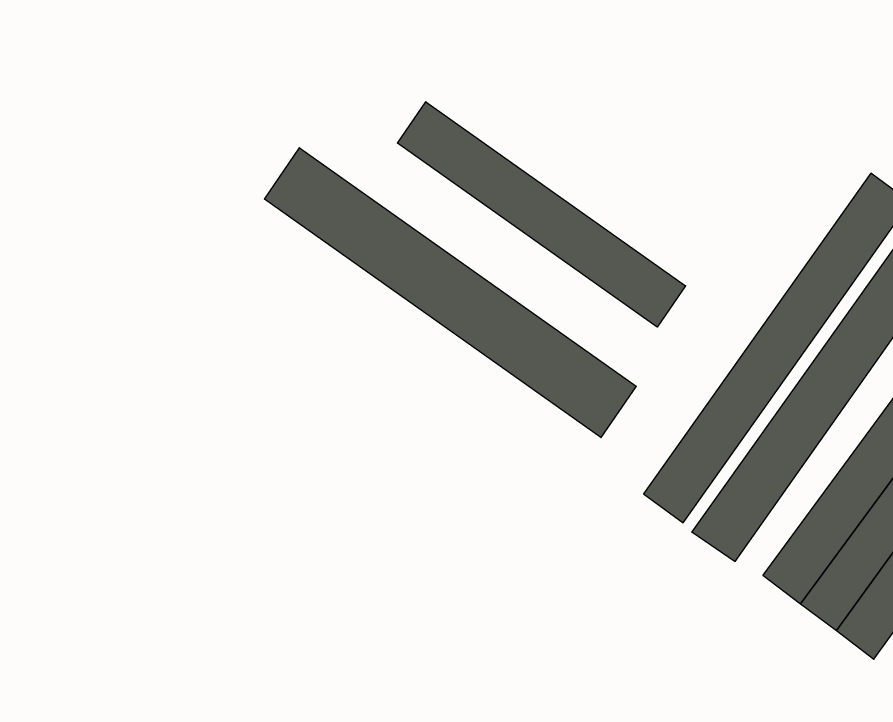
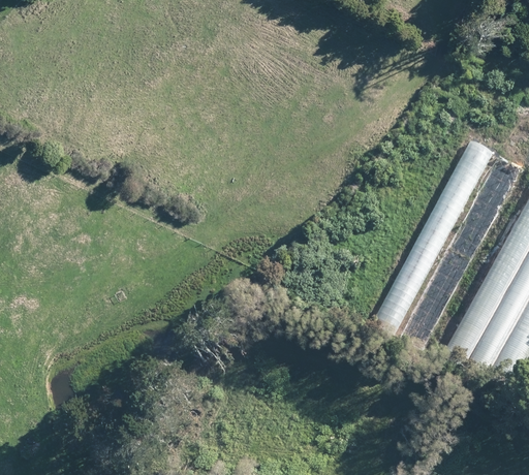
building: [397,102,686,327] -> none
building: [264,148,636,438] -> none

